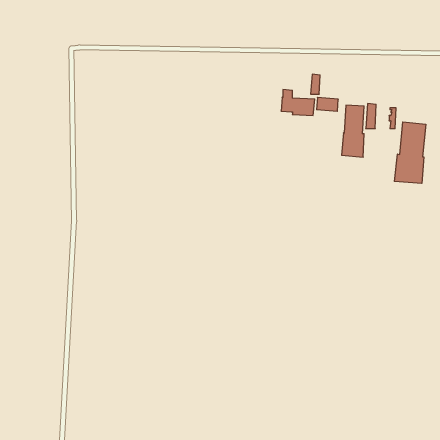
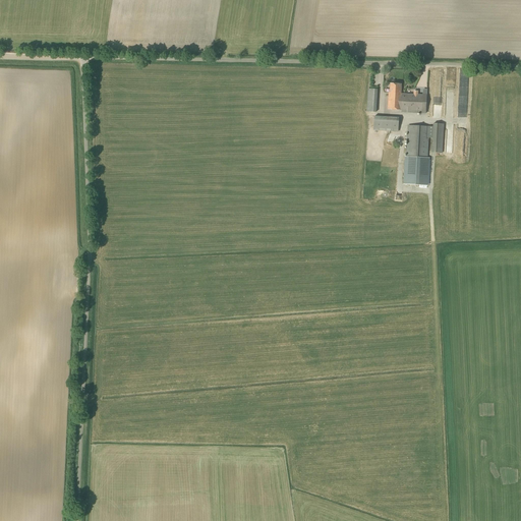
building: [281,90,315,115] -> [389,82,428,113]
building: [394,122,426,183] -> none

